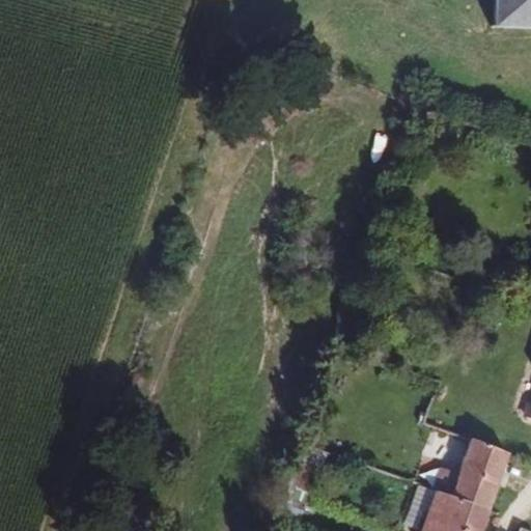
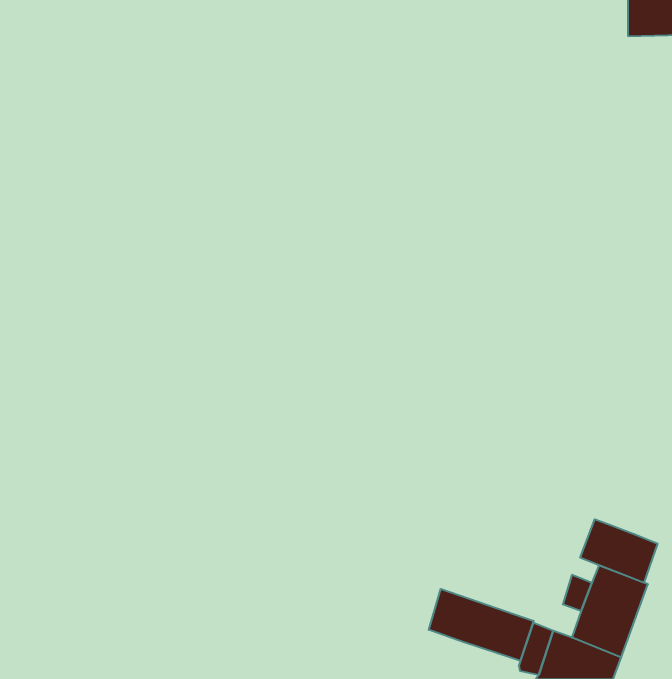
building: none -> [580,519,657,583]
building: none -> [429,589,534,661]

